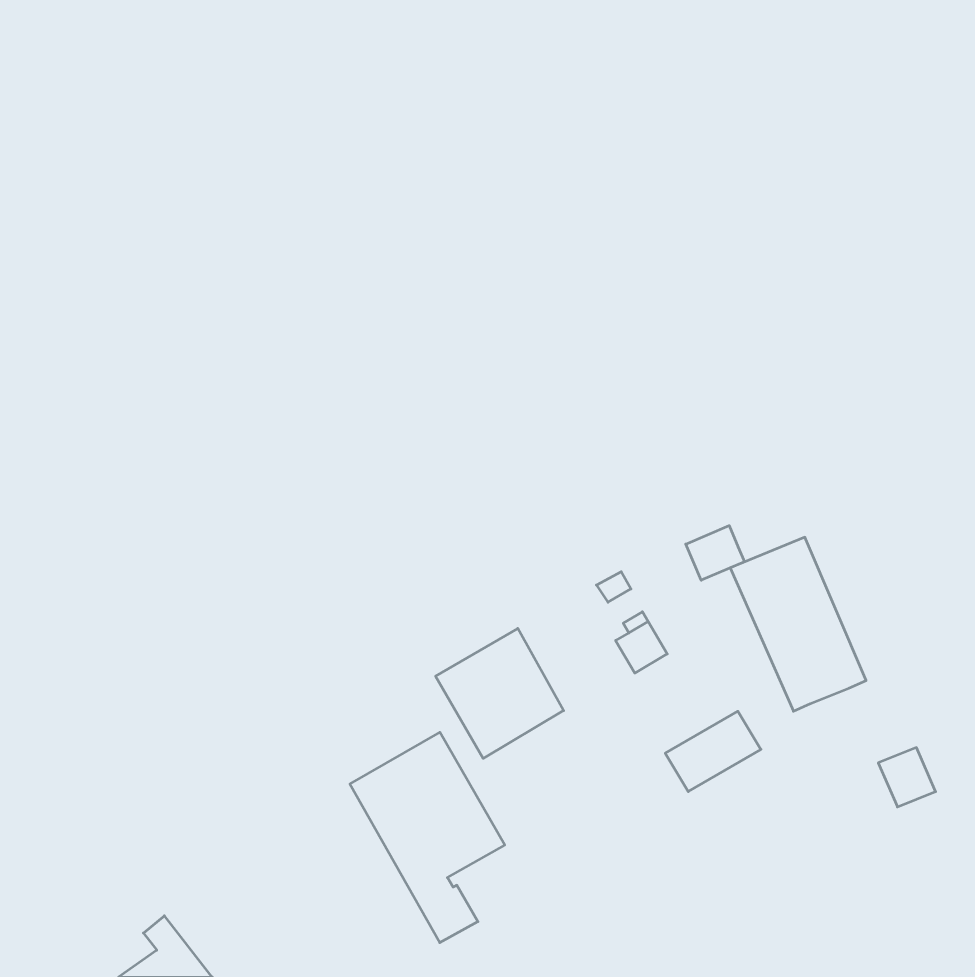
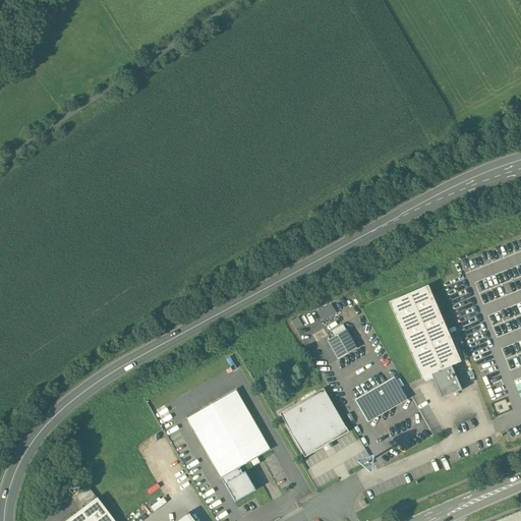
building: [686,526,745,580] -> none
building: [436,628,564,758] -> [279,388,347,457]
building: [878,748,936,807] -> [432,366,463,398]

